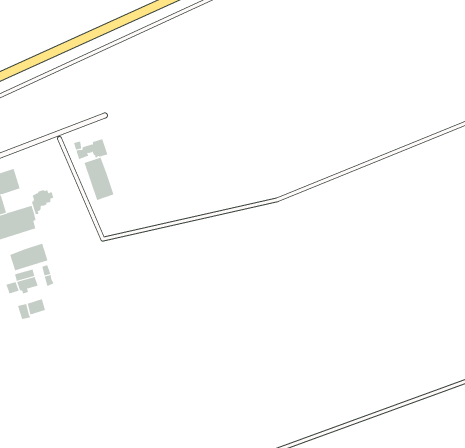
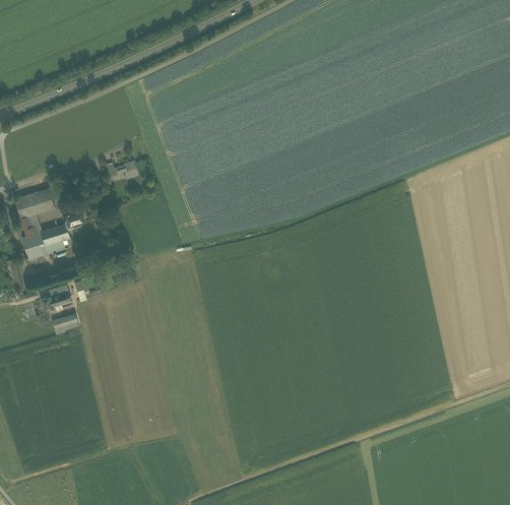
building: [84,157,114,201] -> none
building: [9,243,48,271] -> none

